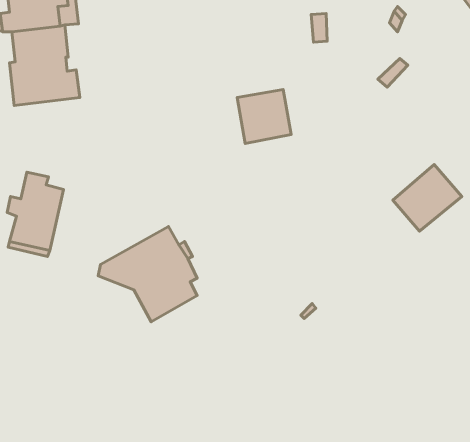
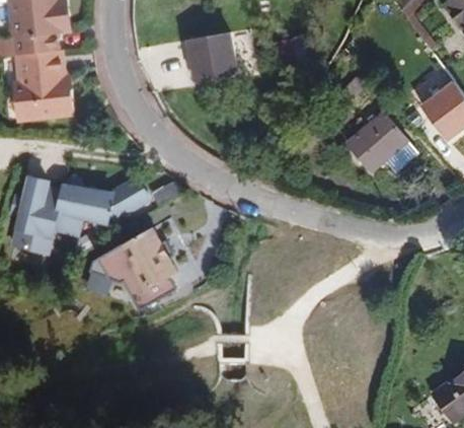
building: [237,89,291,144] -> [188,31,236,79]
building: [393,164,462,231] -> [346,111,407,169]
building: none -> [52,183,150,235]

